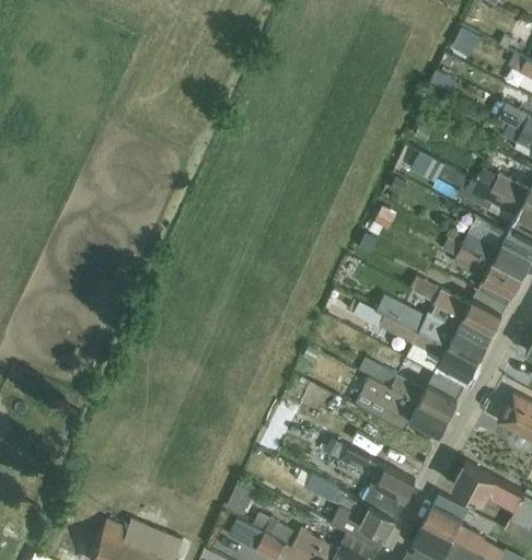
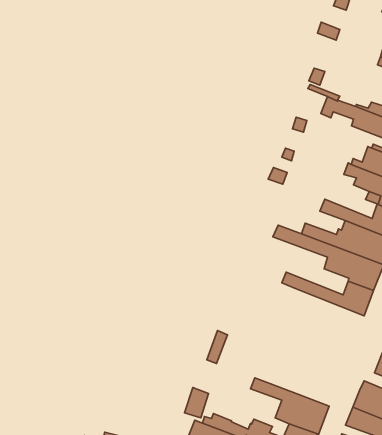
building: [357,376,450,435] -> none
building: [326,440,416,518] -> none

